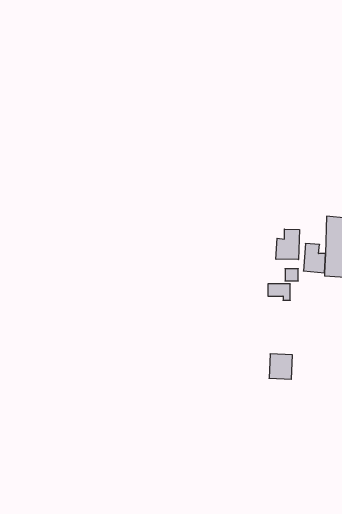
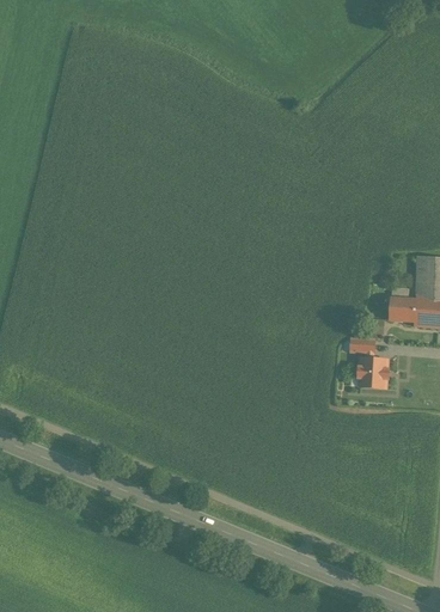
building: [276,229,299,260] -> none
building: [269,354,292,379] -> [359,359,386,388]

